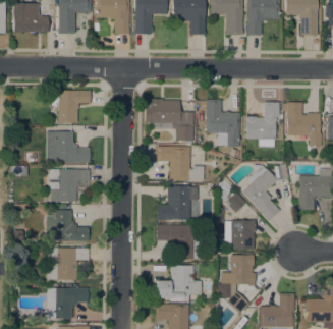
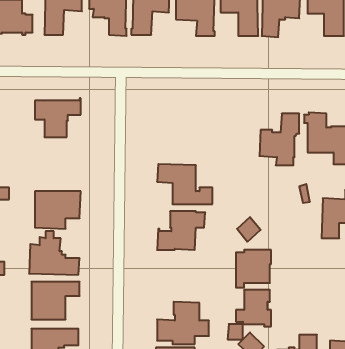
building: [145,99,193,141] -> none
building: [206,100,239,147] -> none
building: [46,131,90,163] -> none
building: [242,165,279,220] -> none
building: [156,225,200,259] -> none

